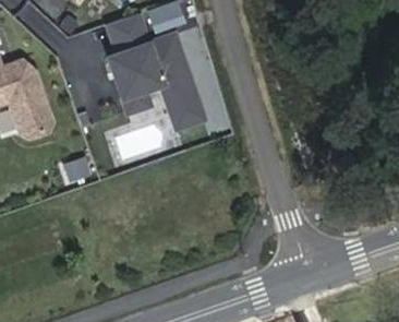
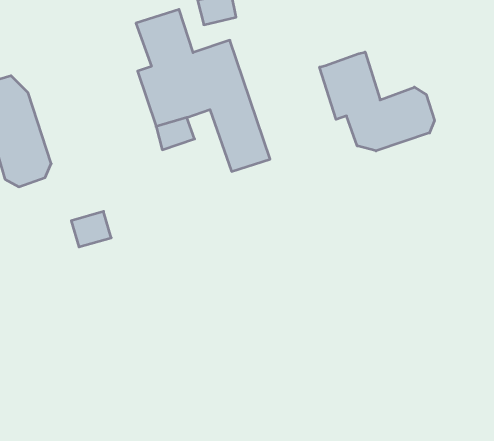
building: none -> [320,52,434,151]

